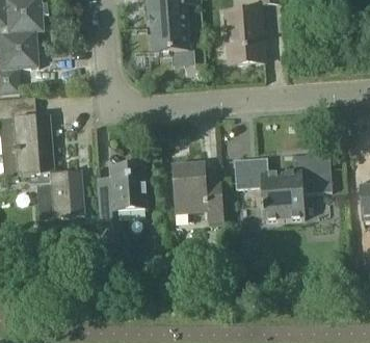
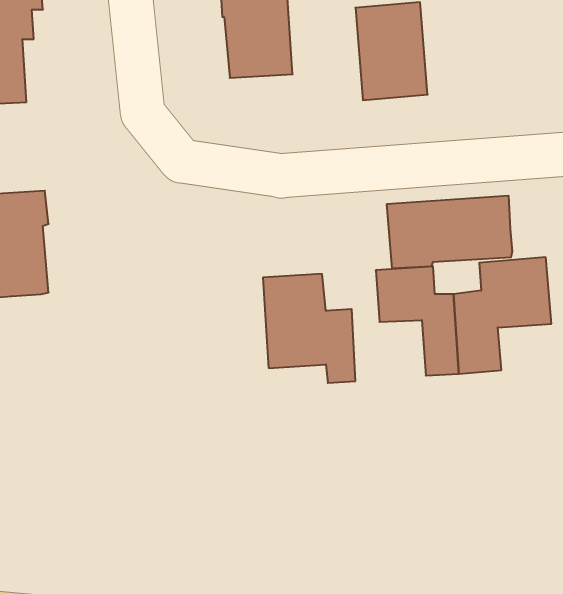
building: none -> [387,196,512,268]
building: [98,165,147,243] -> none
building: [38,169,85,217] -> none

